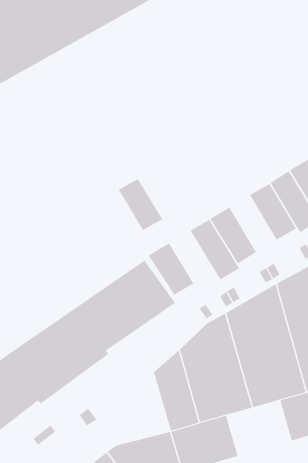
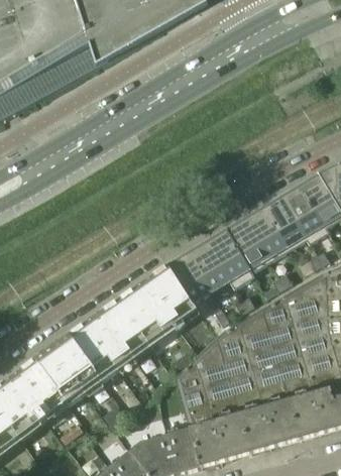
building: [118,178,163,231] -> [190,240,232,289]
building: none -> [246,207,290,260]
building: none -> [243,398,304,451]

